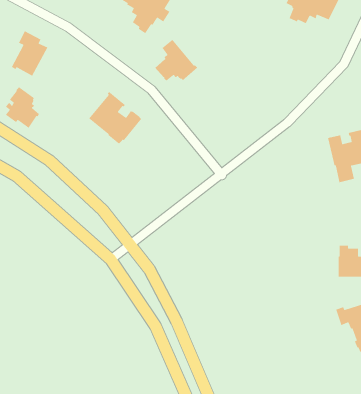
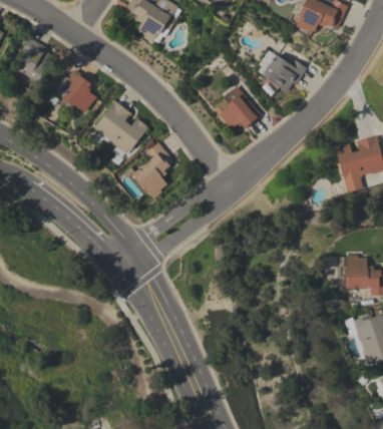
building: [155,39,198,82] -> [219,86,263,129]
building: none -> [258,50,307,92]
building: [5,86,40,129] -> [61,69,96,112]
building: none -> [124,142,173,198]

